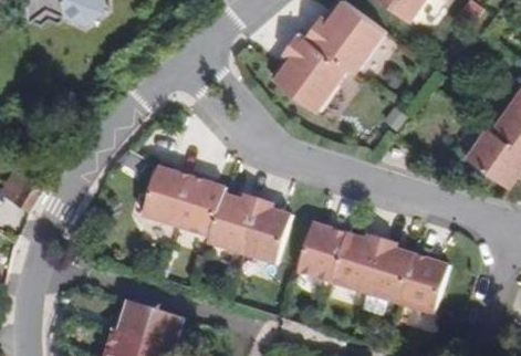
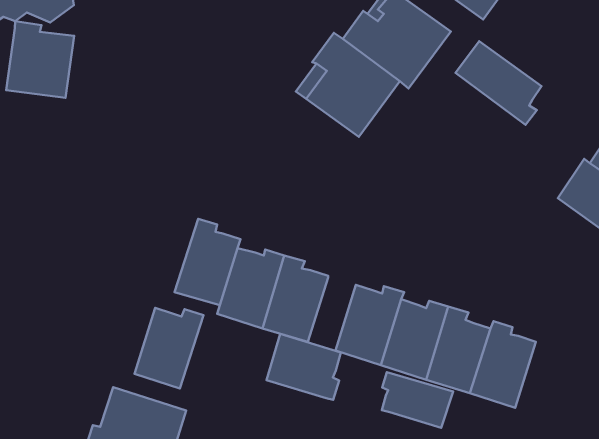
building: none -> [6,21,74,98]
building: none -> [456,41,542,125]
building: [142,167,194,228] -> [135,308,203,388]
building: none -> [266,334,341,400]
building: none -> [382,372,453,428]

